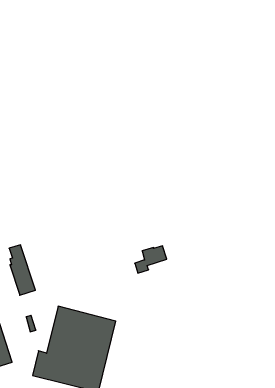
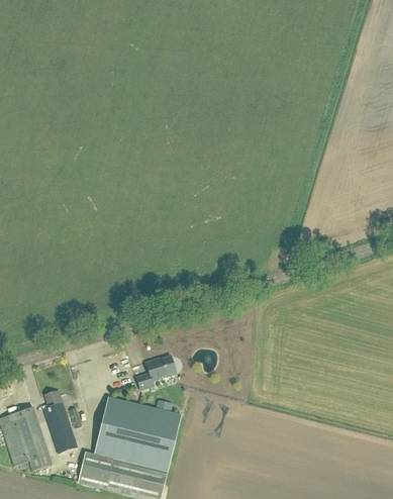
building: [9,245,35,295] -> [44,389,77,451]
building: [135,246,167,273] -> [136,355,176,388]

